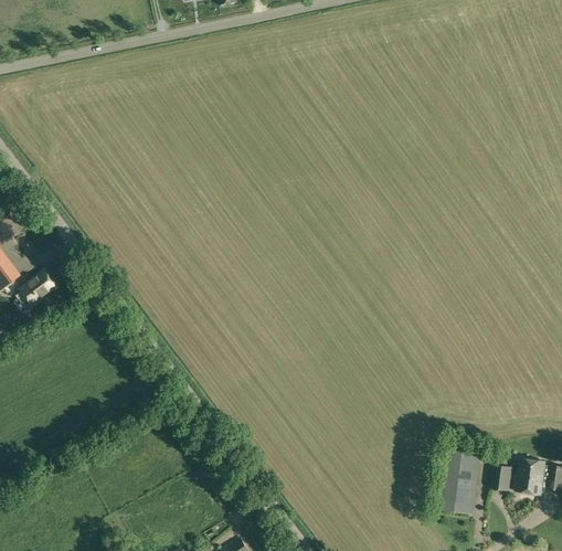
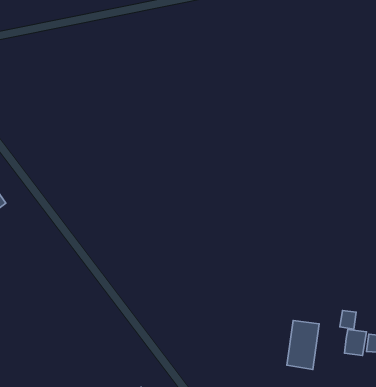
building: [491,466,513,491] -> [340,310,356,329]

